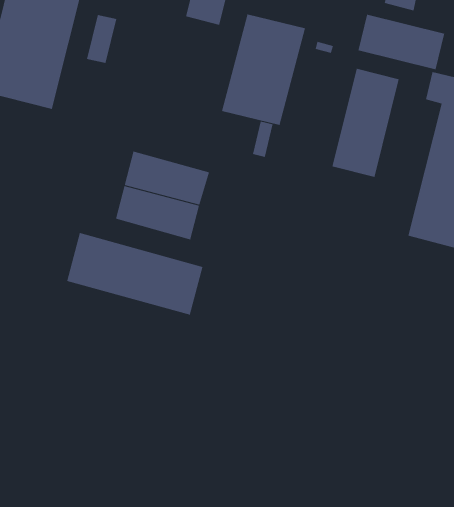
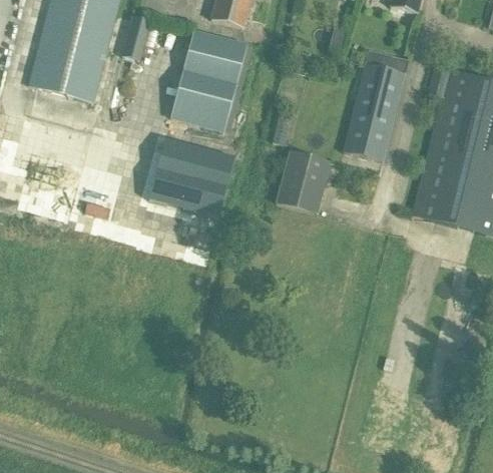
building: [358,14,445,70] -> none
building: [221,14,306,126] -> [171,29,248,129]
building: none -> [278,149,332,212]
building: [66,232,203,316] -> none

